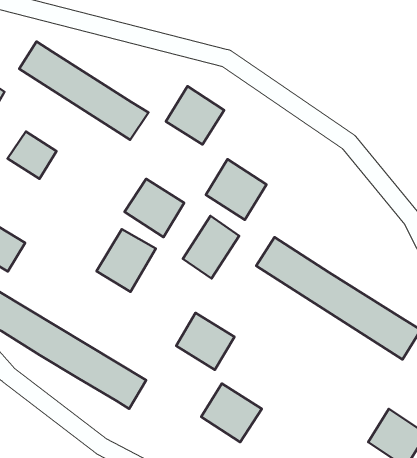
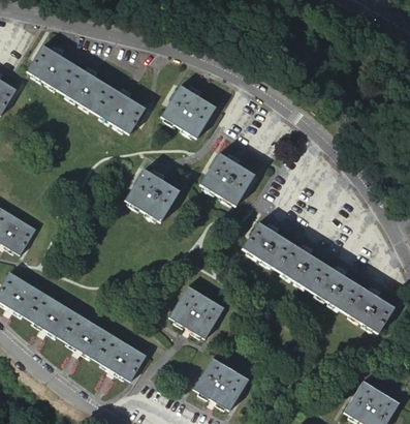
building: [8,131,57,179] -> none
building: [183,216,239,279] -> none
building: [97,229,156,292] -> none

